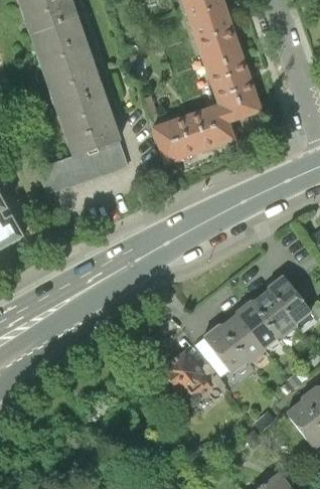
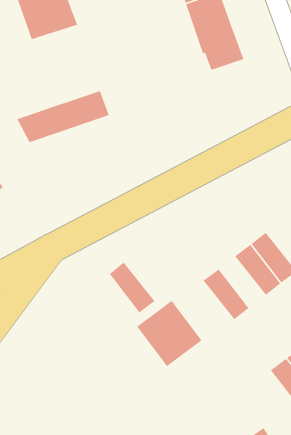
building: [49,73,118,153] -> none
building: [152,102,232,160] -> none
building: [234,302,281,353] -> none
building: [203,326,250,377] -> [109,262,156,314]

